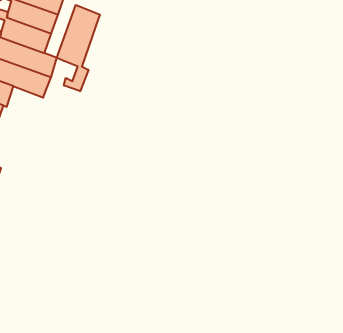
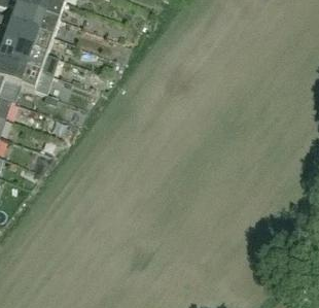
building: [57,5,100,91] -> none

